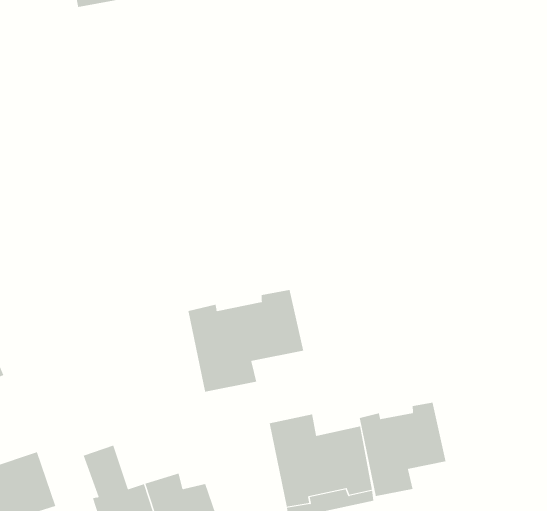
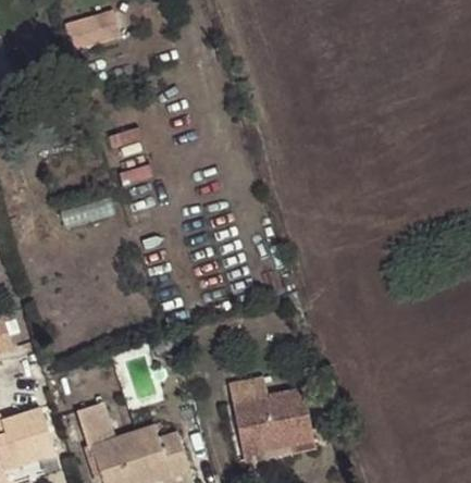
building: [188,289,304,393] -> none
building: [359,402,446,497] -> none

